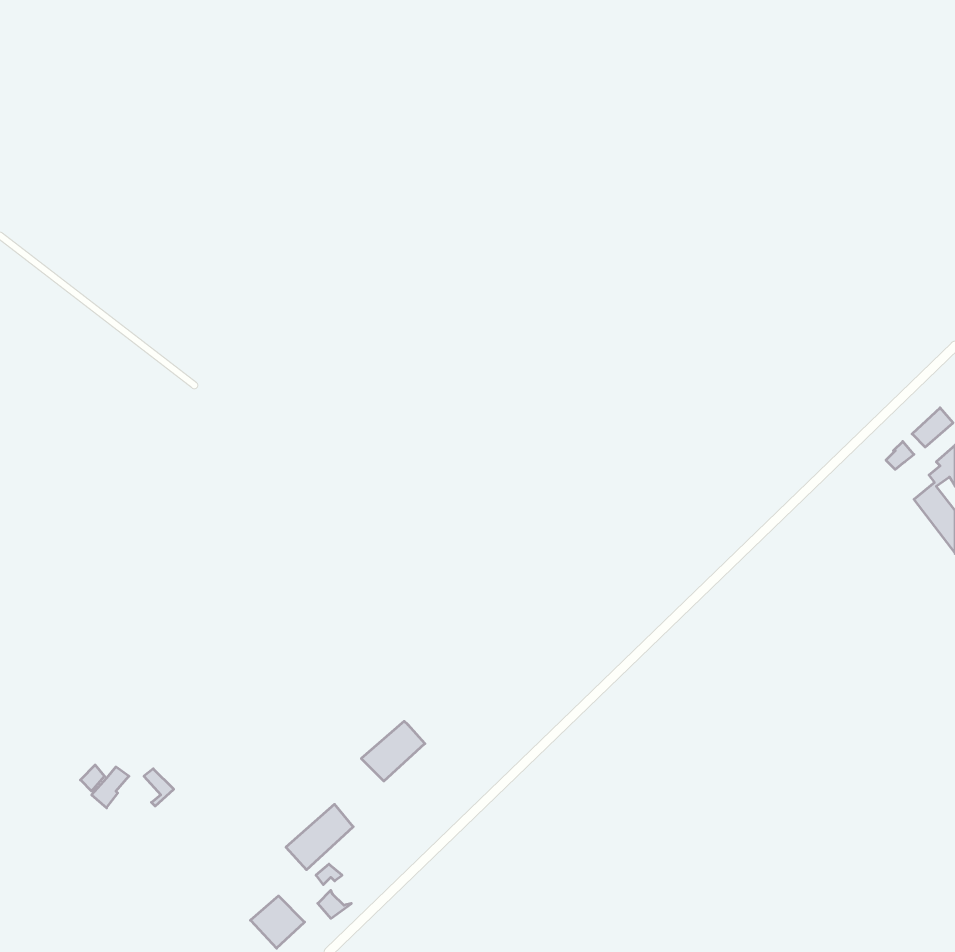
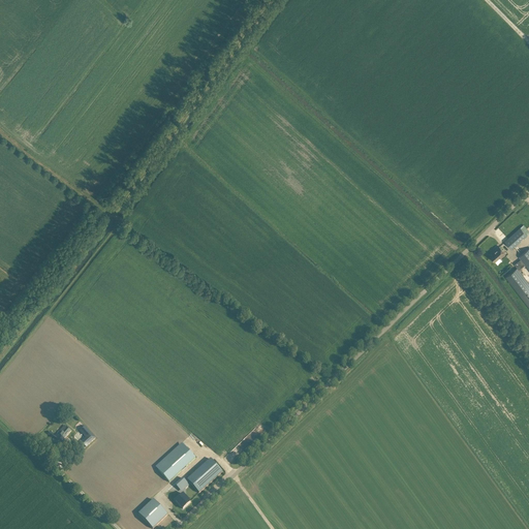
building: [361,721,425,781] -> [187,458,222,491]

